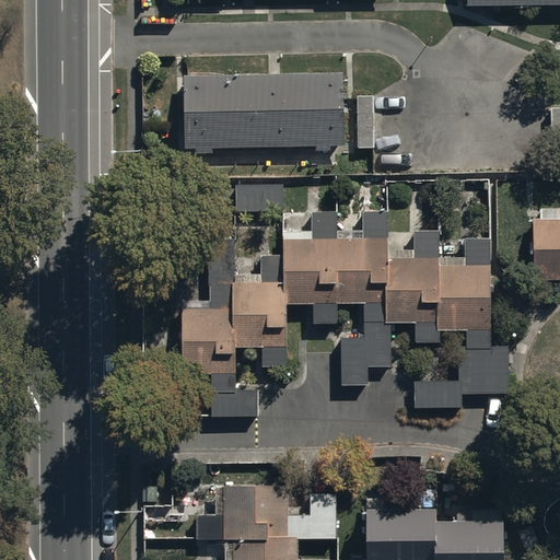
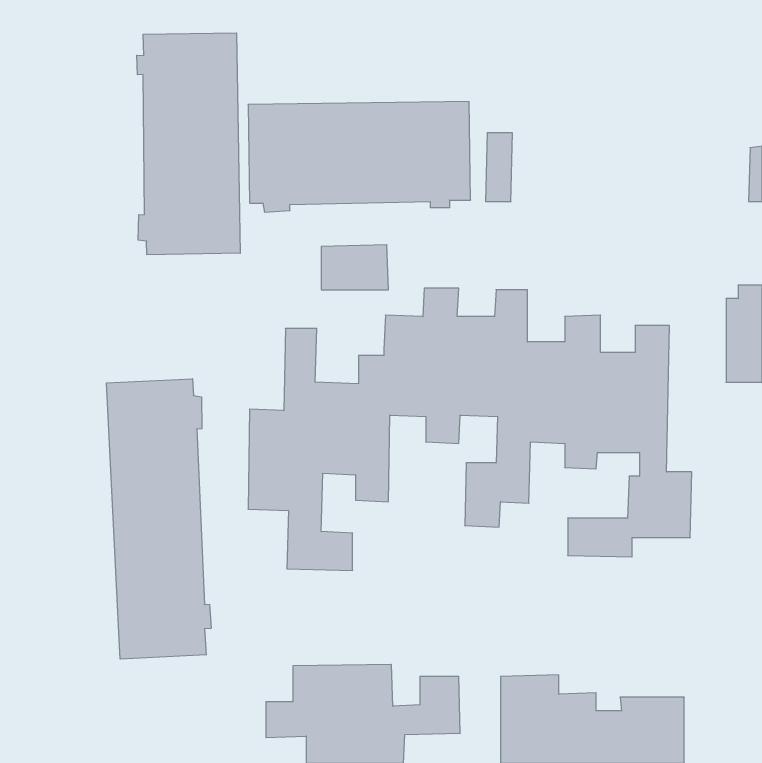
building: none -> [137,33,240,255]
building: none -> [107,379,211,659]

